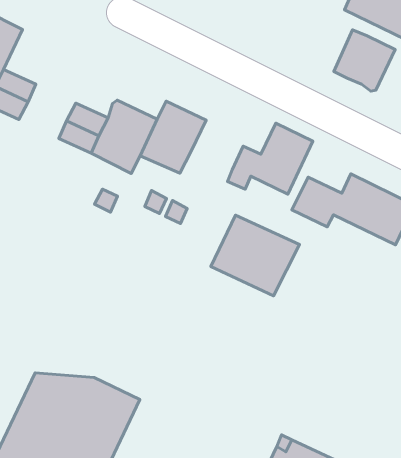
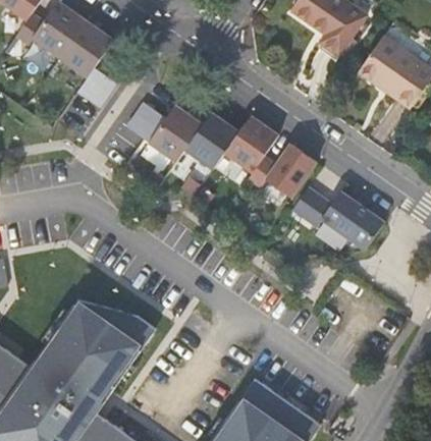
building: [334,30,395,91] -> none
building: none -> [224,116,279,173]
building: [211,215,300,296] -> none

